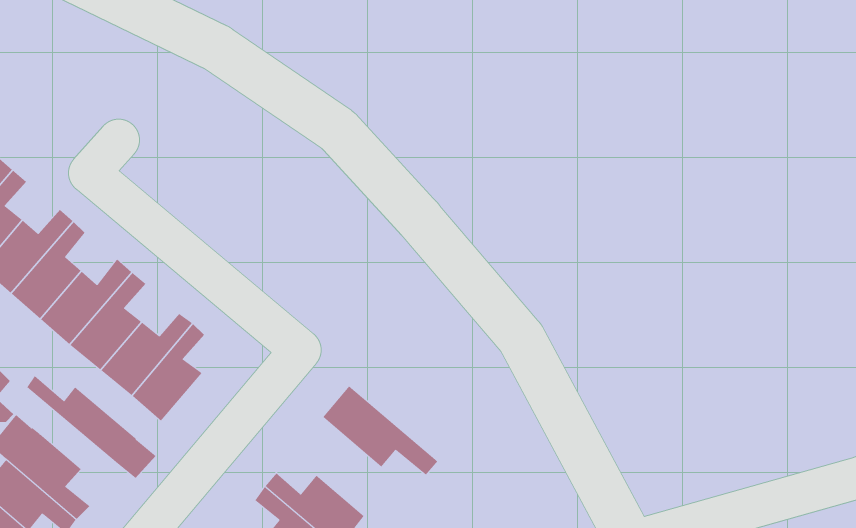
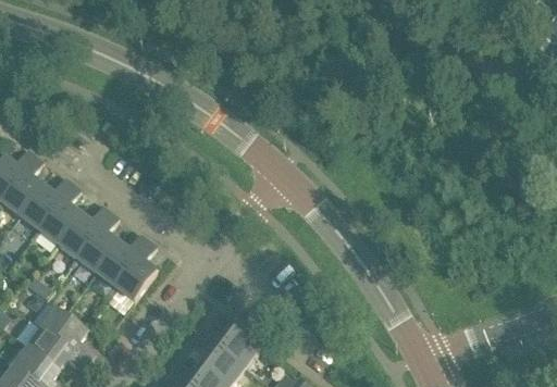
building: [27,375,156,479] -> none
building: [323,386,438,476] -> none

